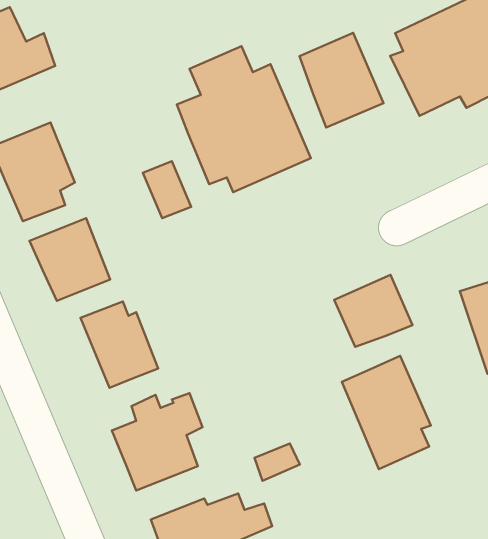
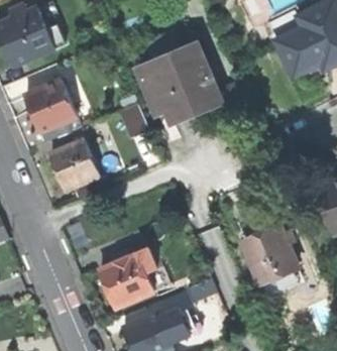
building: [299,33,383,128] -> none
building: [334,275,413,347] -> none
building: [81,301,158,388] -> none

